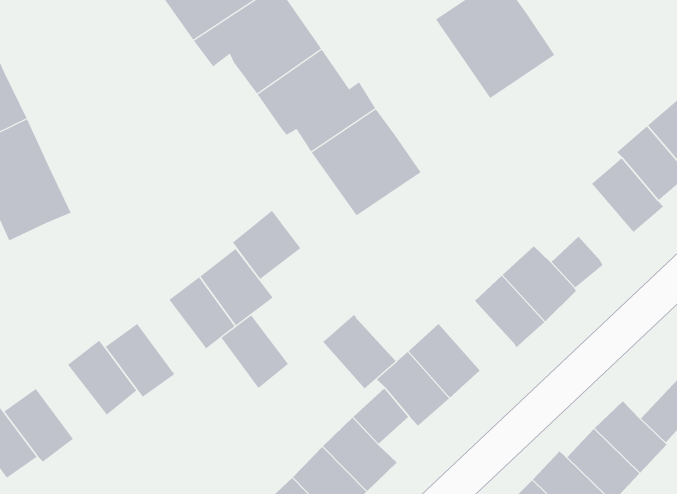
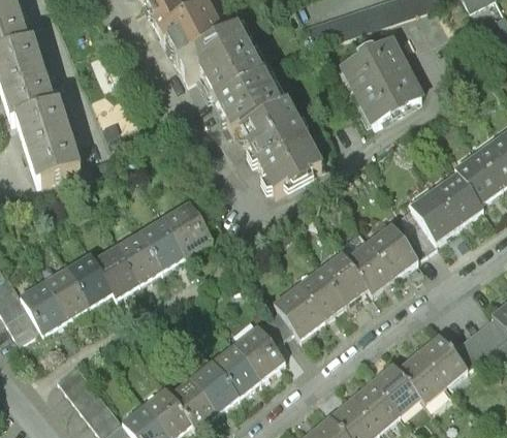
building: none -> [410,186,460,239]
building: [232,210,301,280] -> none
building: [323,314,397,389] -> [321,252,370,304]
building: [220,315,289,389] -> [118,232,162,283]
building: none -> [44,269,90,319]

